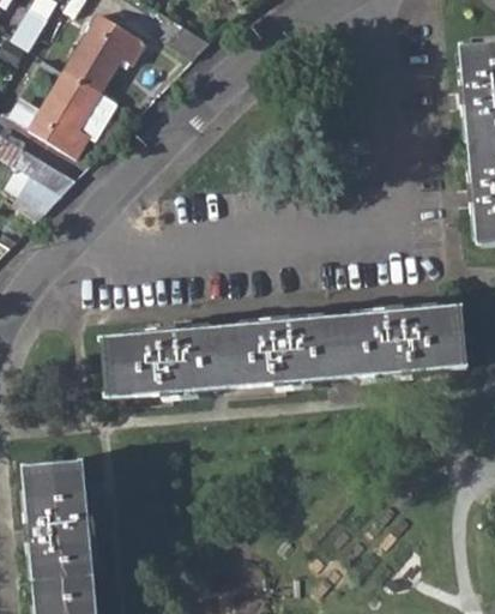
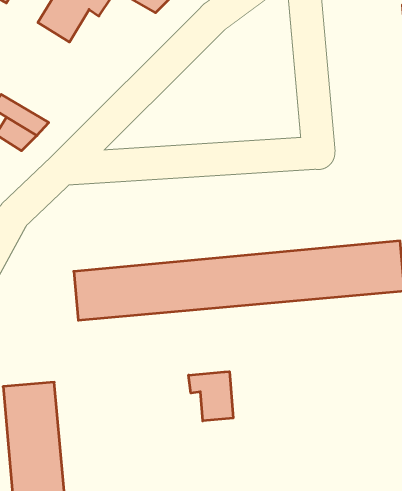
building: [29,68,115,154] -> none
building: none -> [189,372,233,421]

